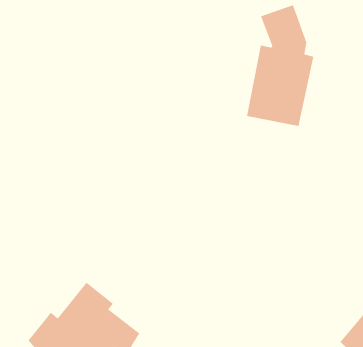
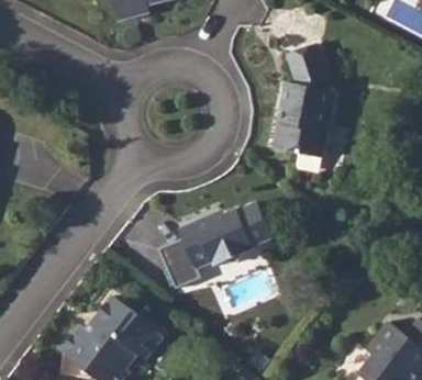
building: none -> [158,198,270,283]

